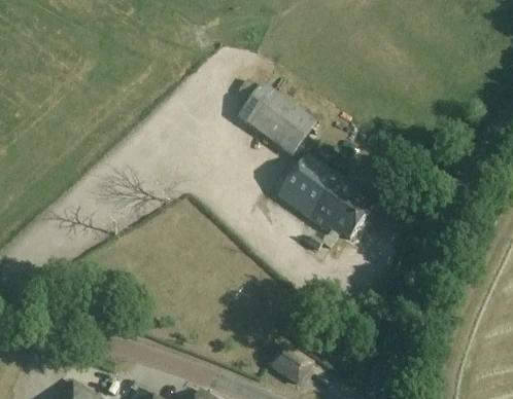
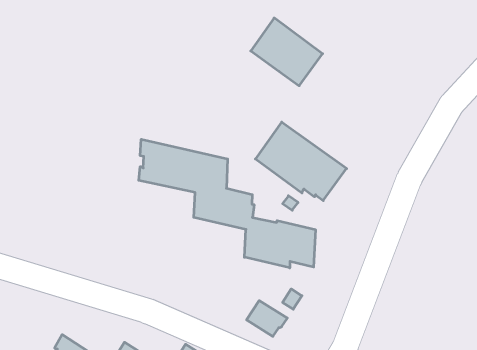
building: [239,82,315,154] -> [251,18,323,86]
building: none -> [139,139,315,268]

